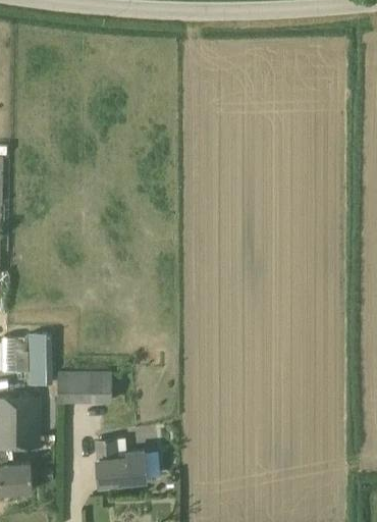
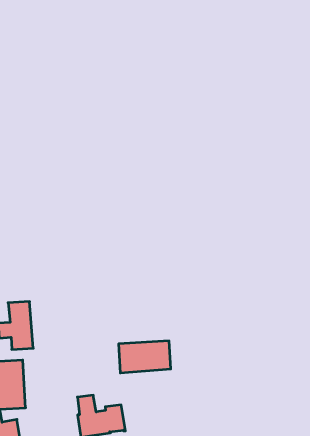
building: [56,372,111,404] -> [119,341,171,373]

